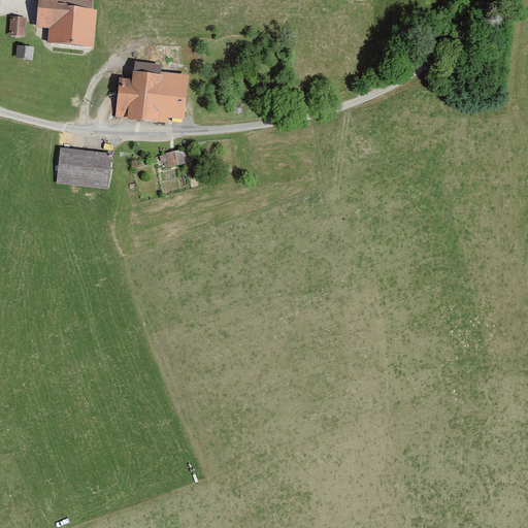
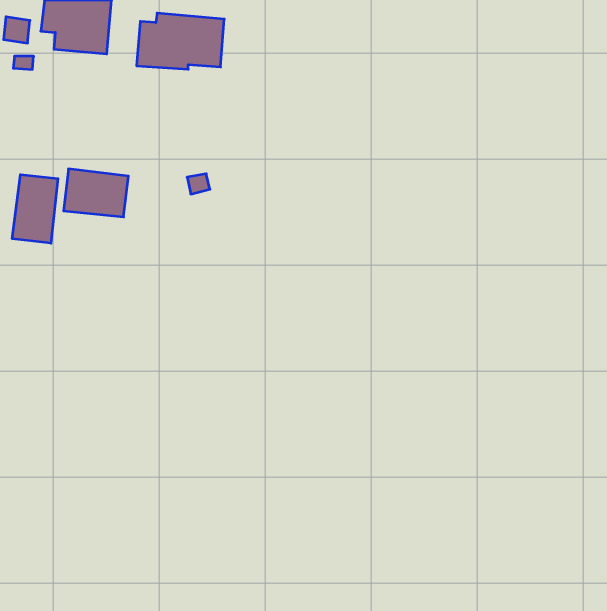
building: [116,69,191,118] -> [137,13,224,69]
building: none -> [12,175,58,243]

